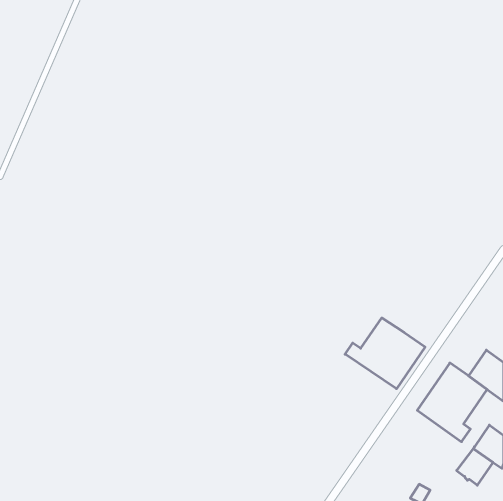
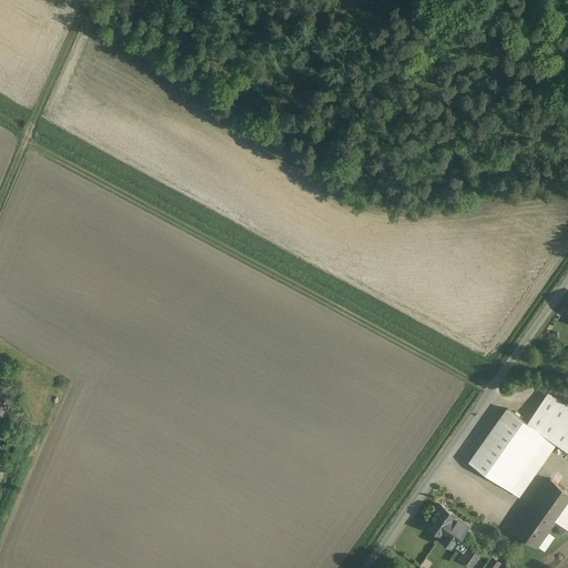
building: [345,318,425,389] -> none
building: none -> [426,507,468,548]

